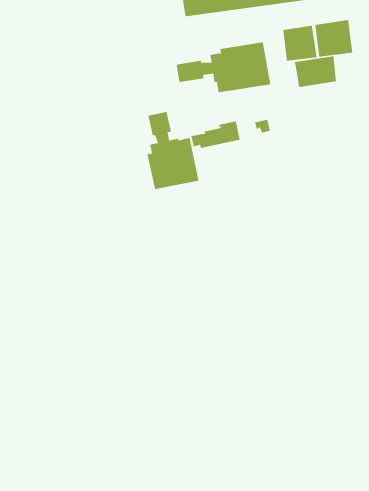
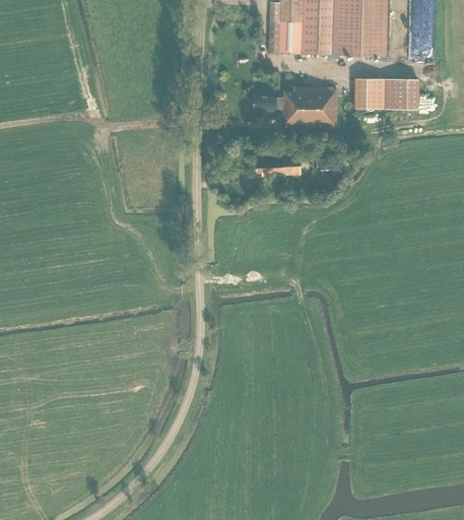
building: [295,55,337,88] -> none
building: [147,111,199,190] -> none

